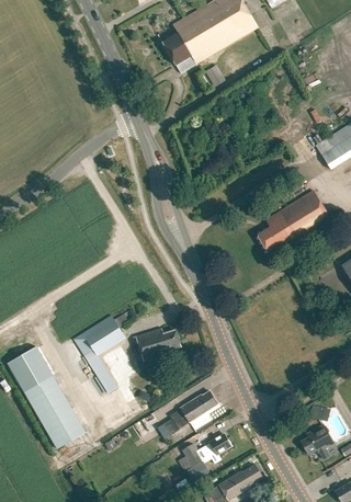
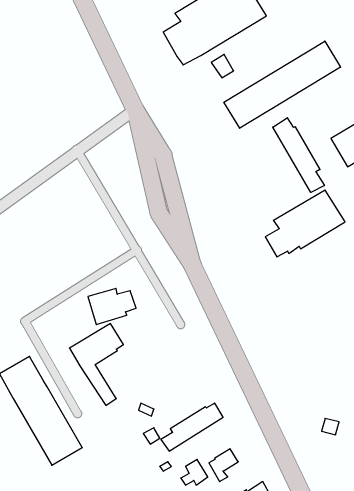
building: none -> [224,41,341,128]
building: none -> [273,118,324,192]
building: [135,328,180,362] -> [88,288,136,325]
building: [301,424,333,458] -> none

